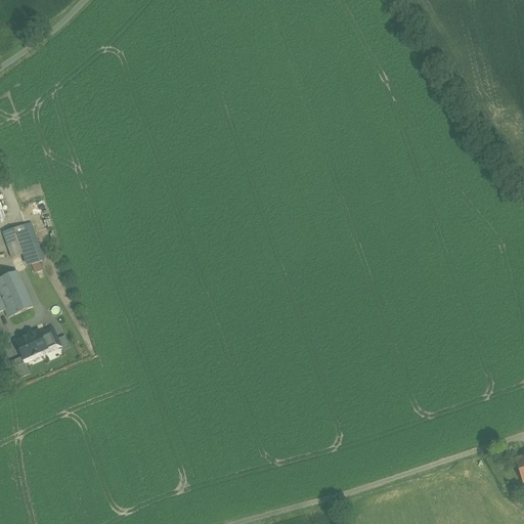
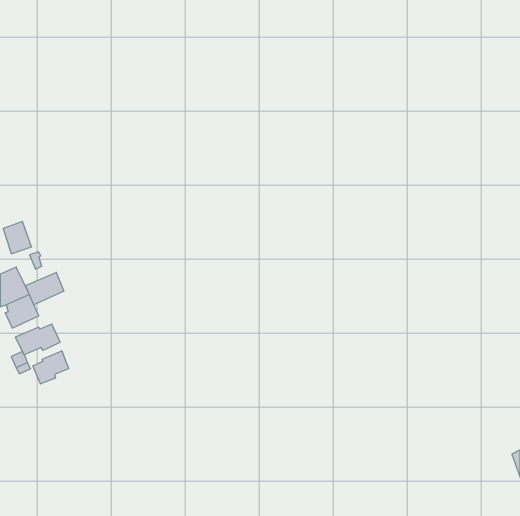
building: none -> [26,272,64,305]
building: none -> [33,351,69,384]

